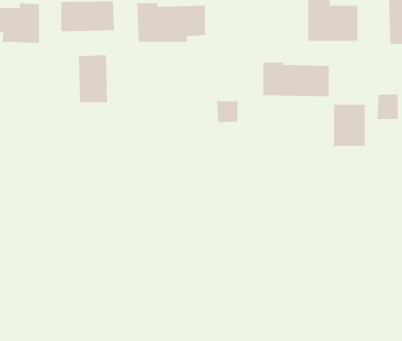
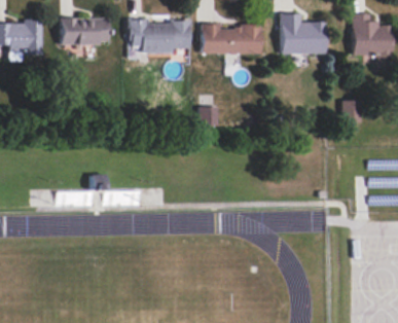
building: [79,54,108,103] -> none
building: [263,62,330,97] -> [202,23,261,53]
building: [333,104,365,147] -> none

